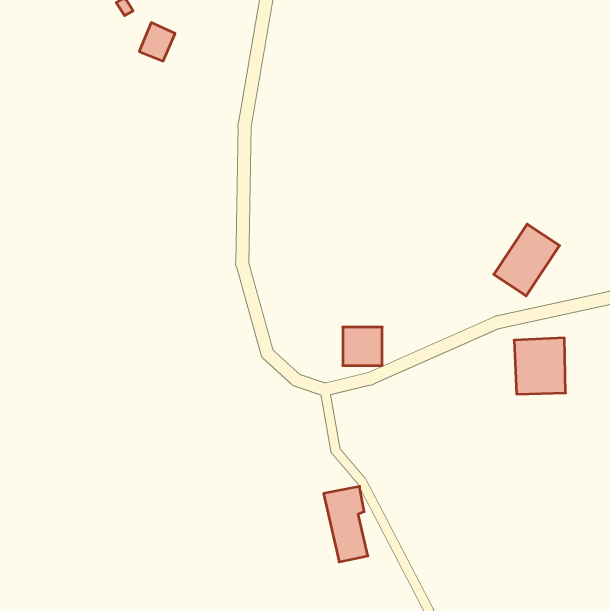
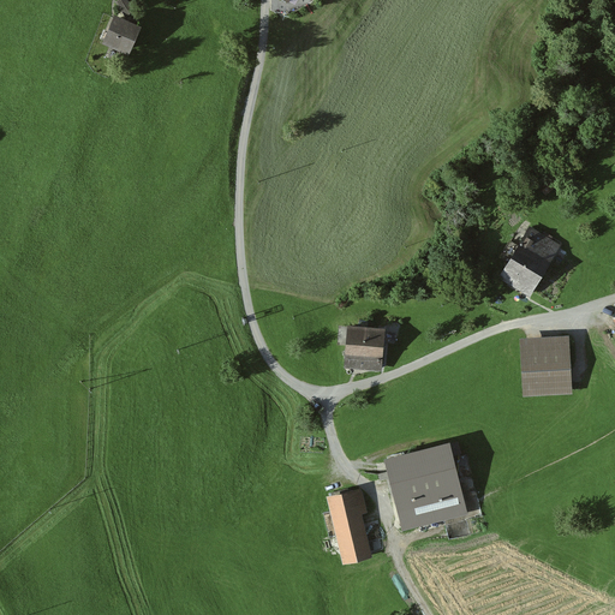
building: [139,23,175,61] -> [106,18,142,56]
building: none -> [384,443,466,529]

